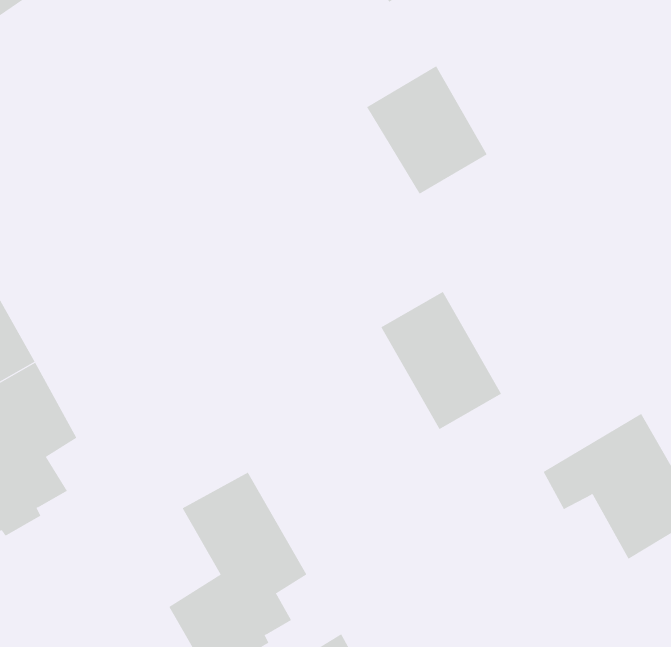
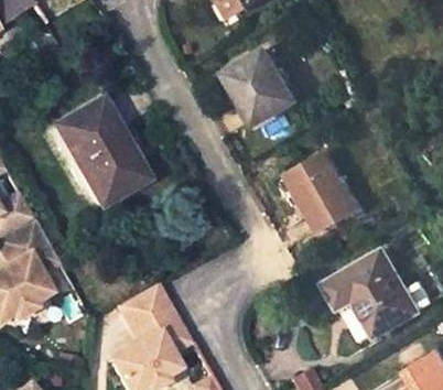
building: none -> [53,100,144,208]
building: [380,291,502,430] -> [287,151,357,231]

